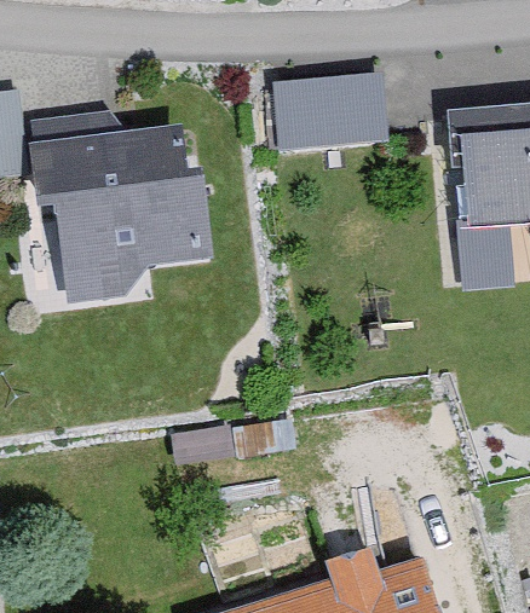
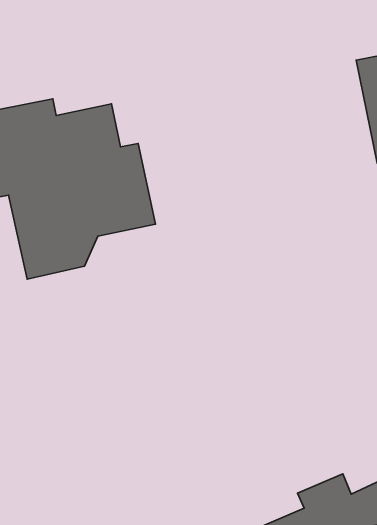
building: [272,76,388,148] -> none

